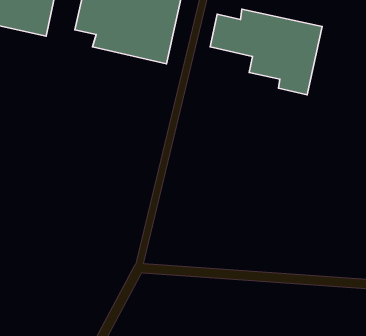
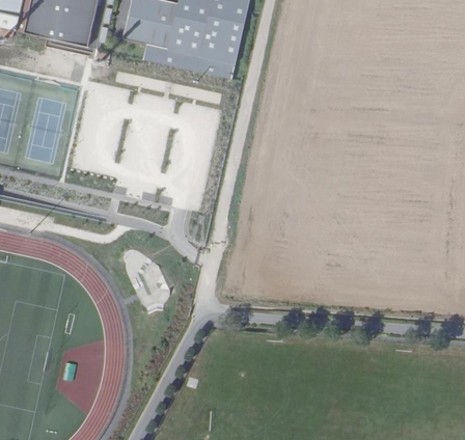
building: [210,9,322,95] -> none

